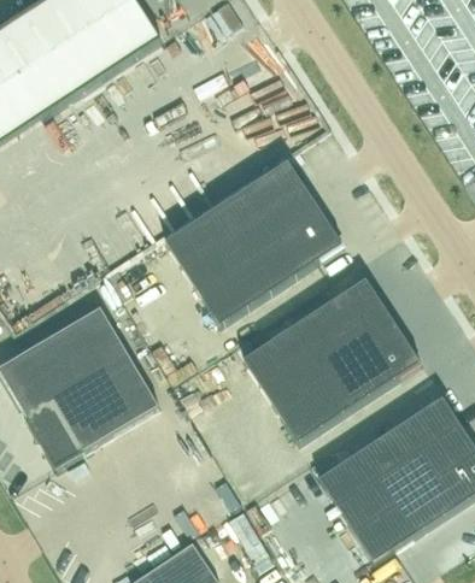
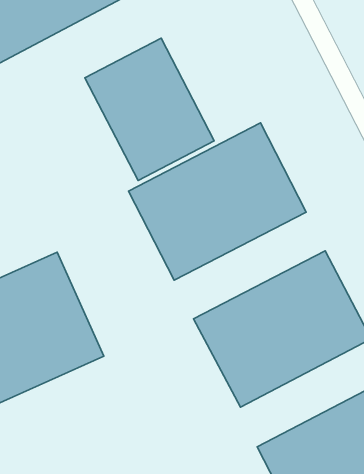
building: none -> [85,38,214,180]

